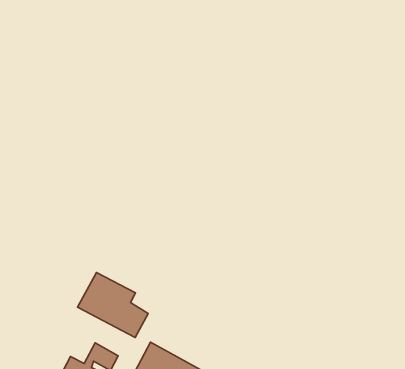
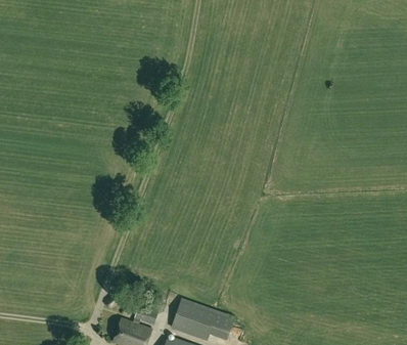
building: [77,273,148,338] -> none

